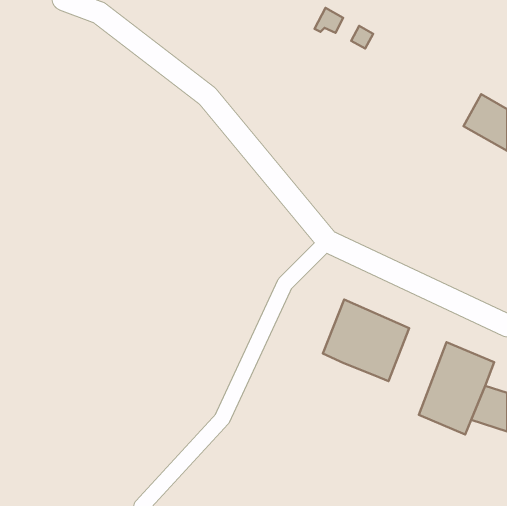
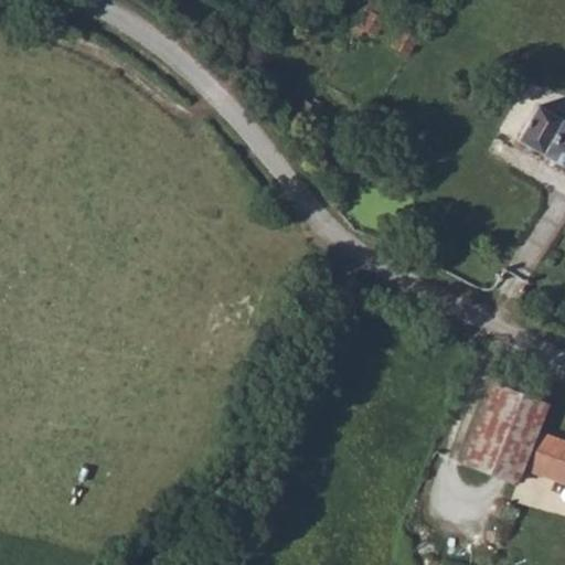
building: [323,300,409,381] -> none

